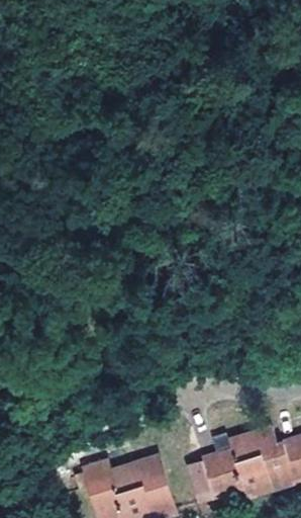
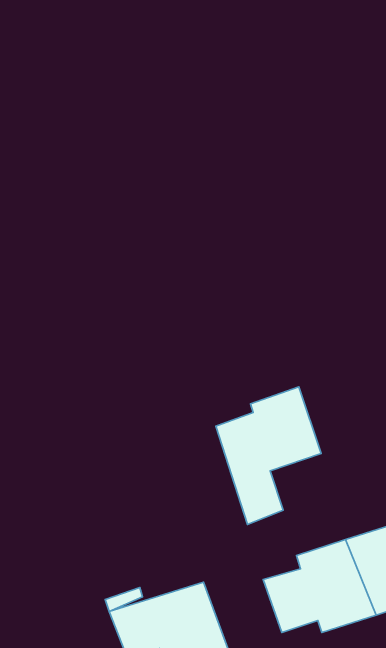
building: none -> [216,387,321,524]

